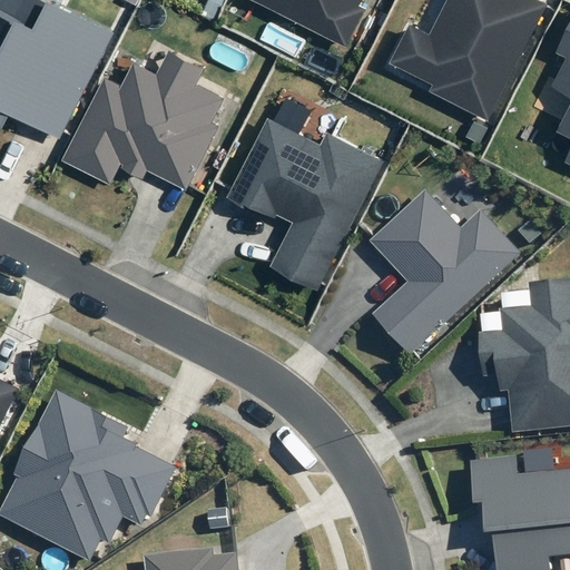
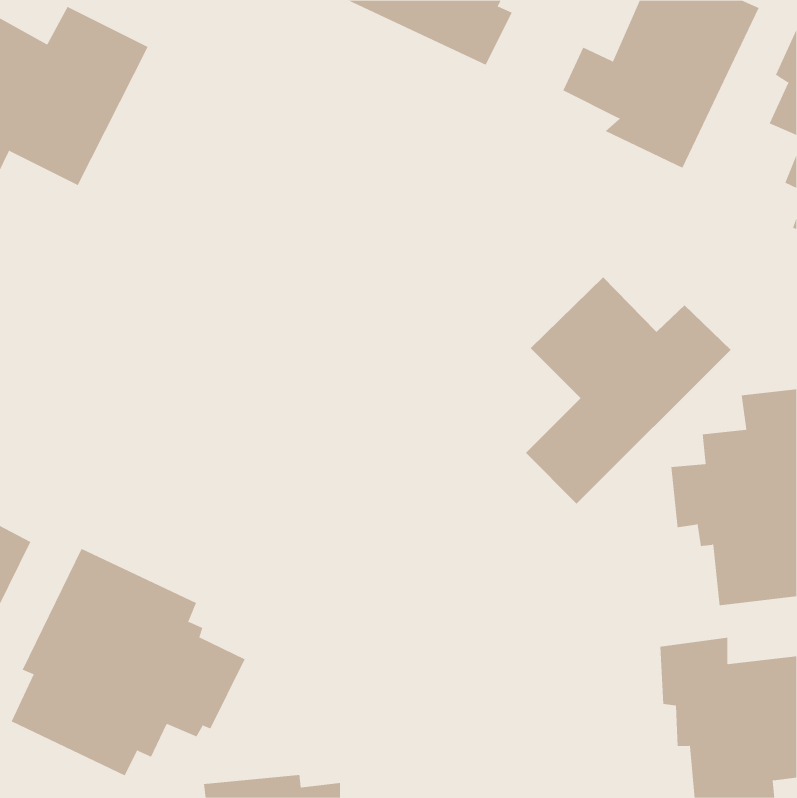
building: [66,41,218,185] -> none
building: [234,121,384,292] -> none

